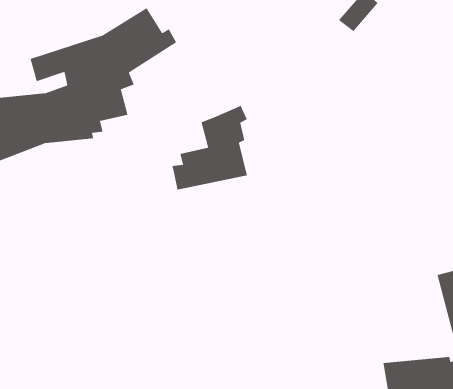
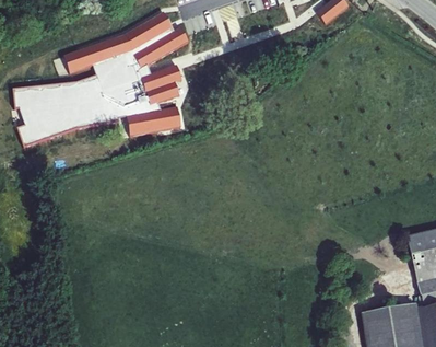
building: [171,105,248,190] -> [120,66,184,137]

